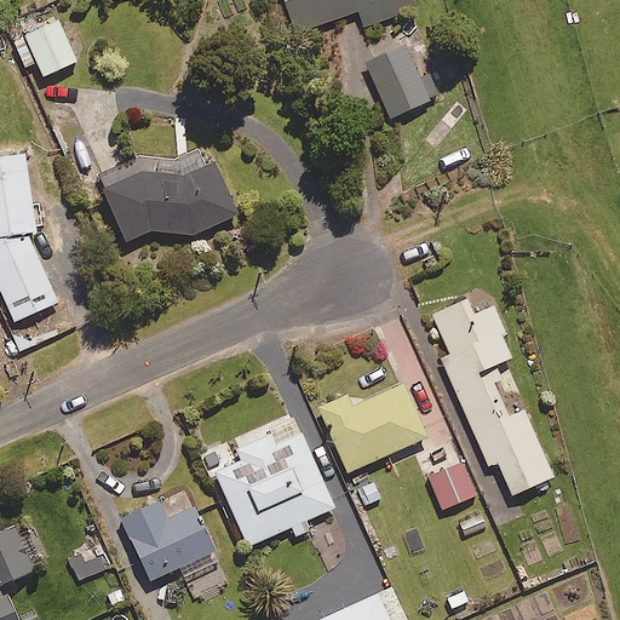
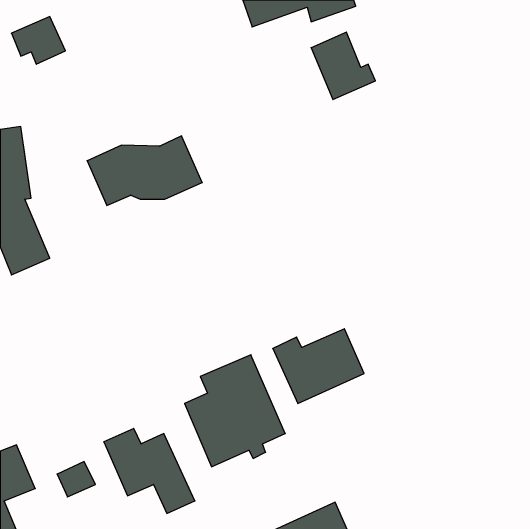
building: [431,291,553,494] -> none
building: [430,464,477,507] -> none

